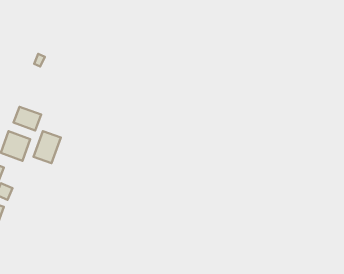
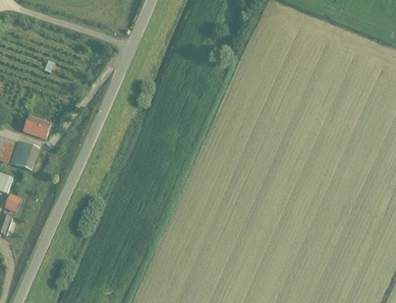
building: [34,131,61,163] -> none

